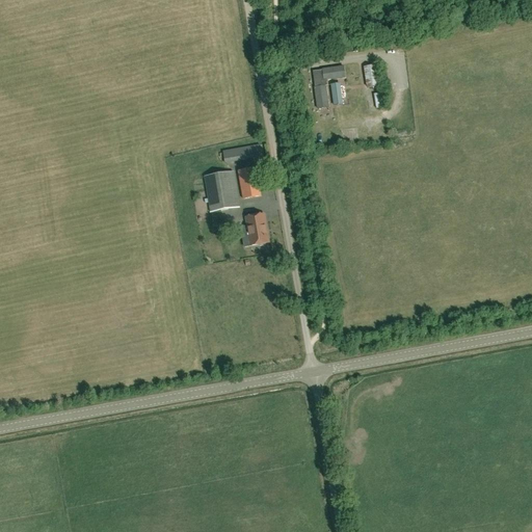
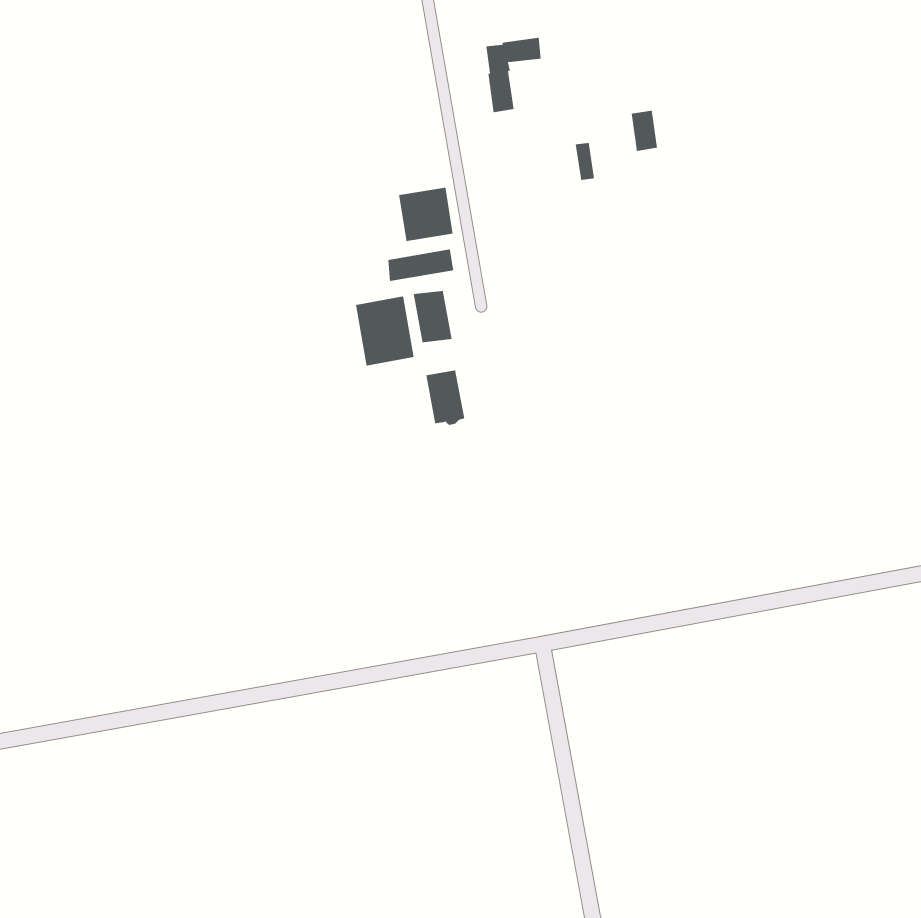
building: [313,64,345,108] -> [486,37,541,113]
building: none -> [399,187,453,242]

